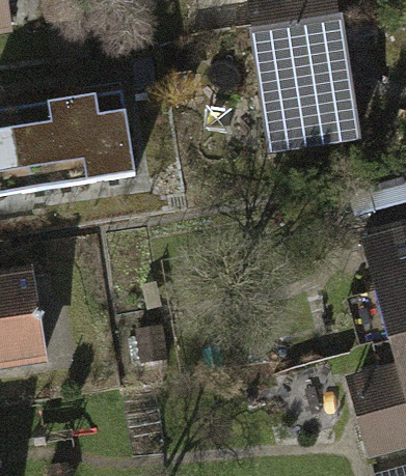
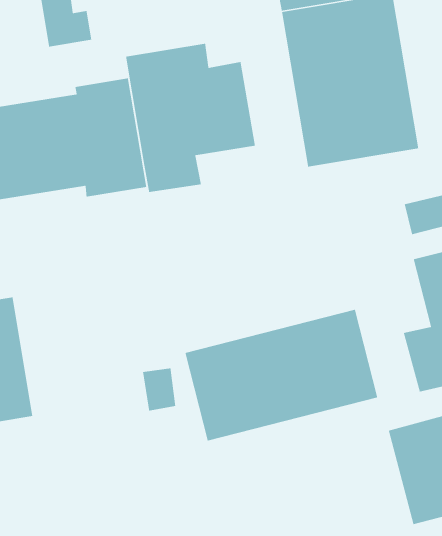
building: none -> [125,43,256,193]
building: none -> [185,309,378,441]

